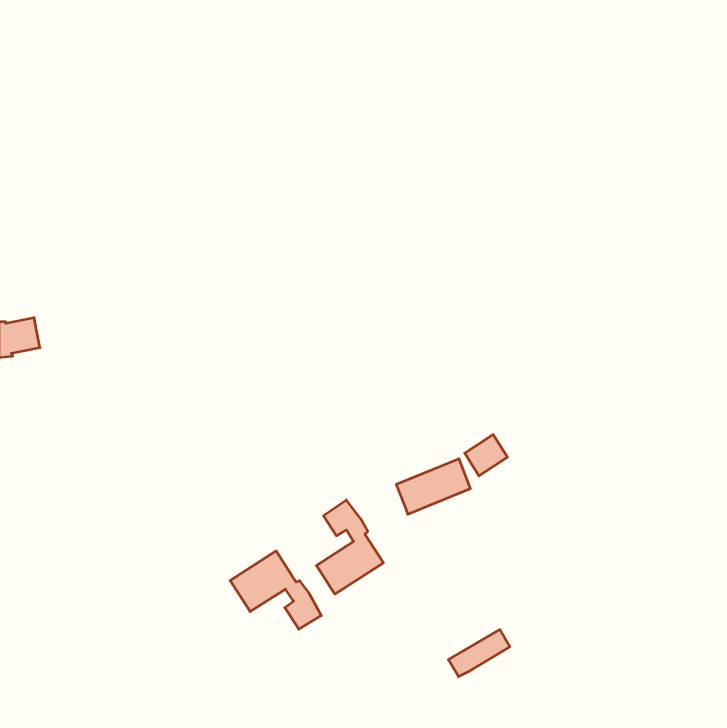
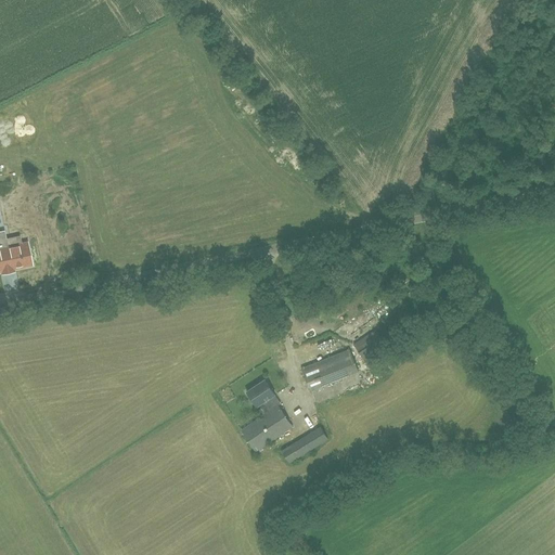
building: [230,551,321,629] -> none
building: [448,630,510,677] -> [281,427,327,463]

